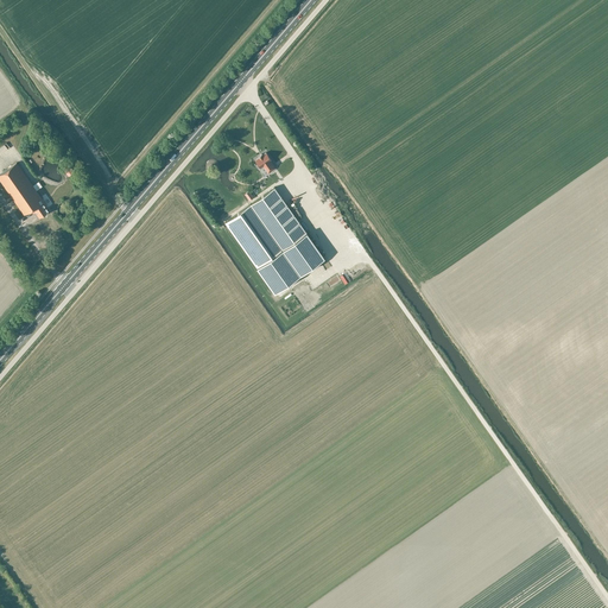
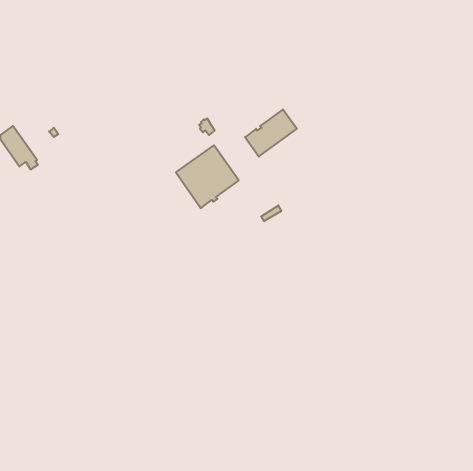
building: [258,234,324,294] -> [245,109,297,157]

